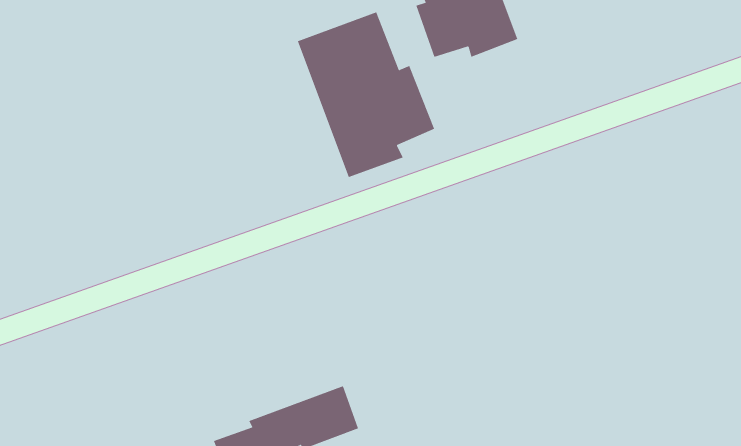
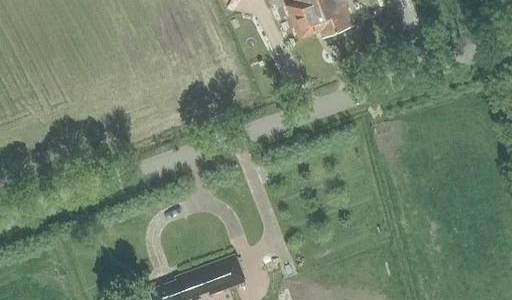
building: [297,11,435,178] -> none

